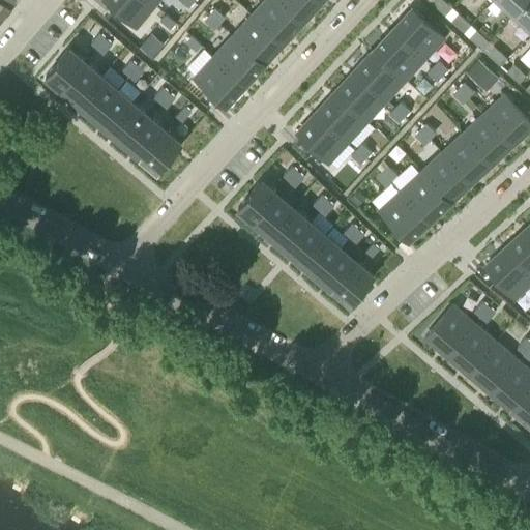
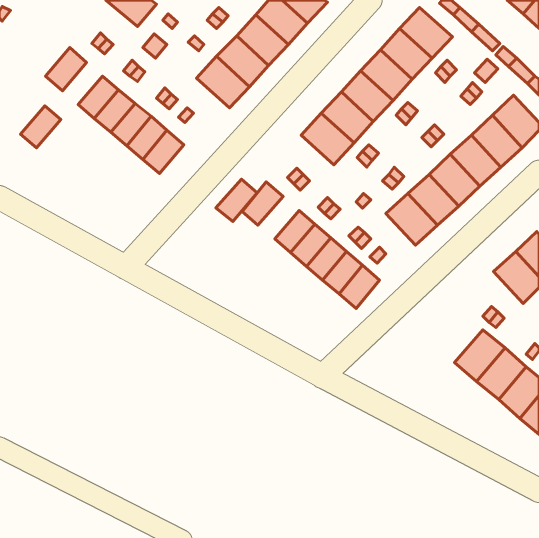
building: [61,63,100,105] -> [21,106,61,148]
building: [253,195,293,236] -> [216,179,257,221]
building: [423,305,473,357] -> none

